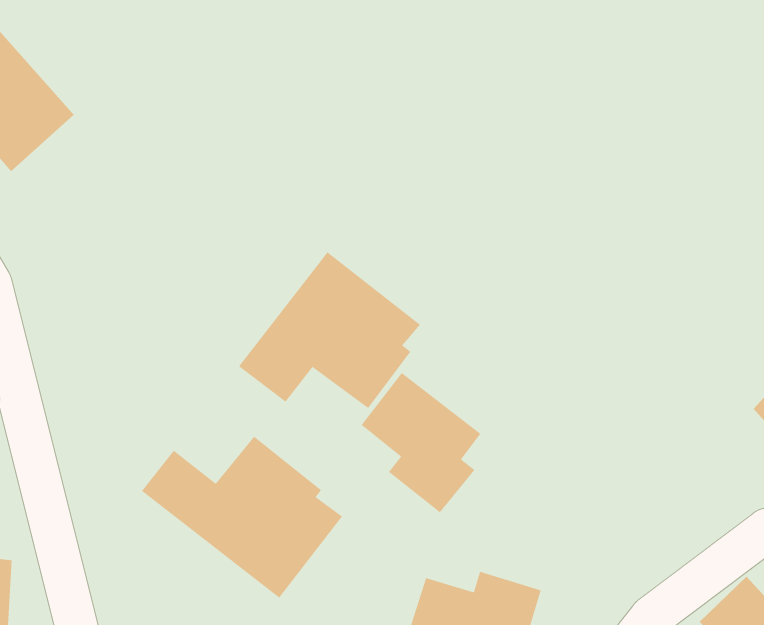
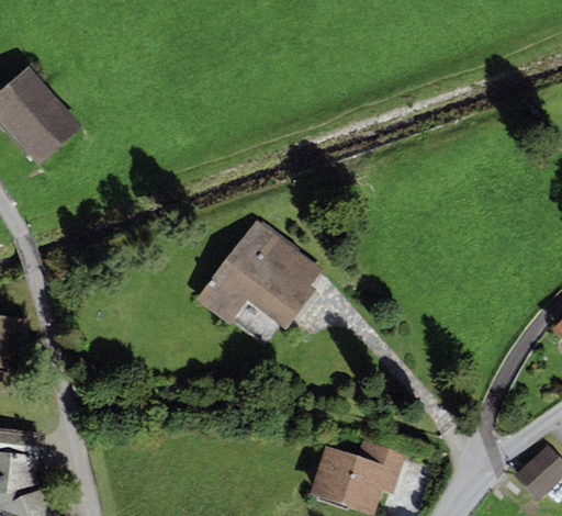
building: [361,372,481,513] -> none
building: [141,436,343,598] -> none

